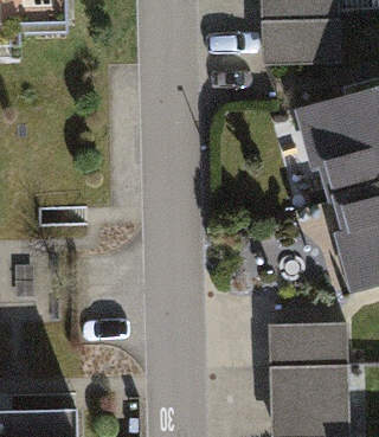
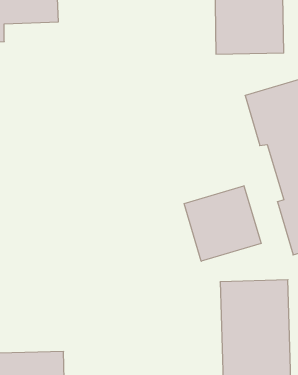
building: none -> [184,186,261,261]

